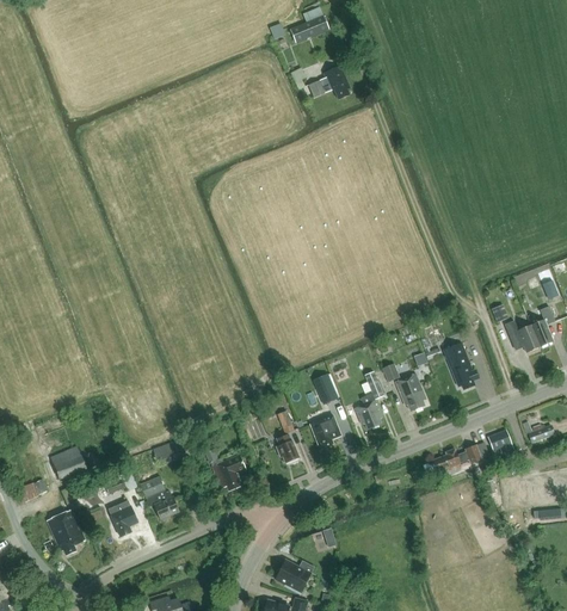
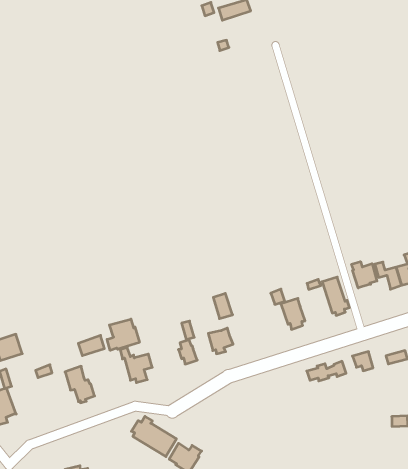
building: [308,66,349,99] -> none
building: none -> [352,262,377,288]
building: [355,371,382,428] -> none
building: none -> [107,319,139,350]
building: [107,500,136,536] -> none
building: none -> [131,416,176,457]

